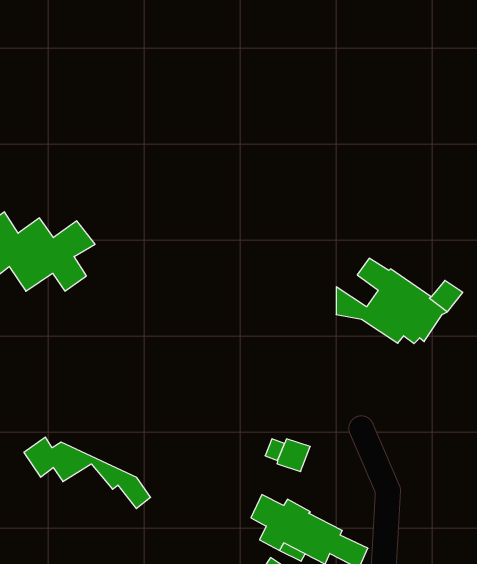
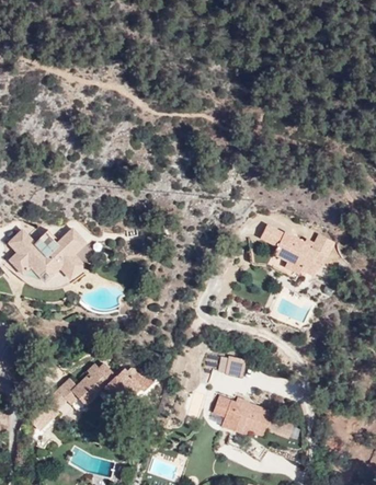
building: none -> [79,360,152,395]

